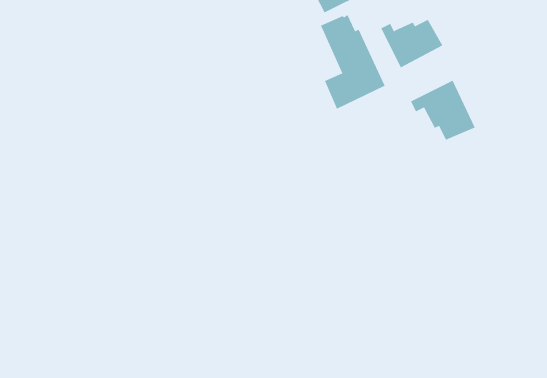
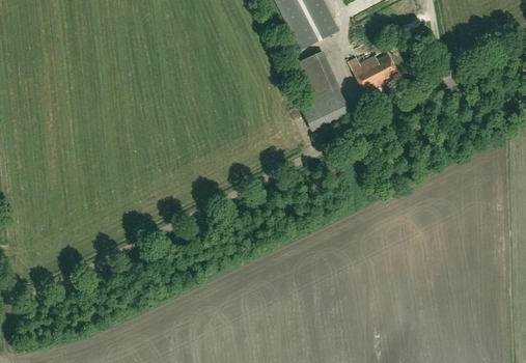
building: [410,80,475,141] -> none

